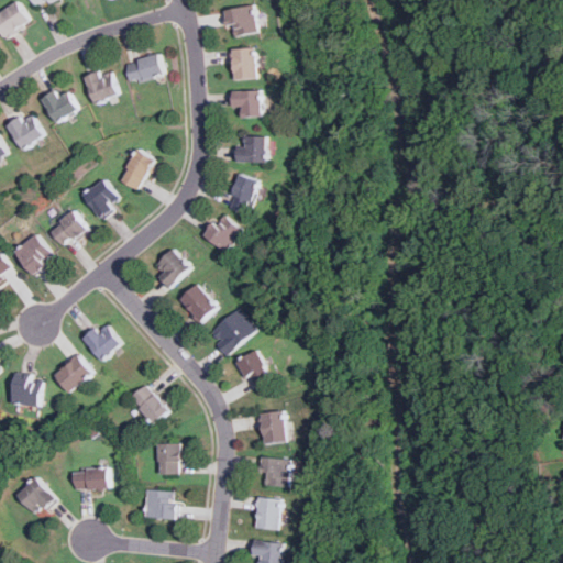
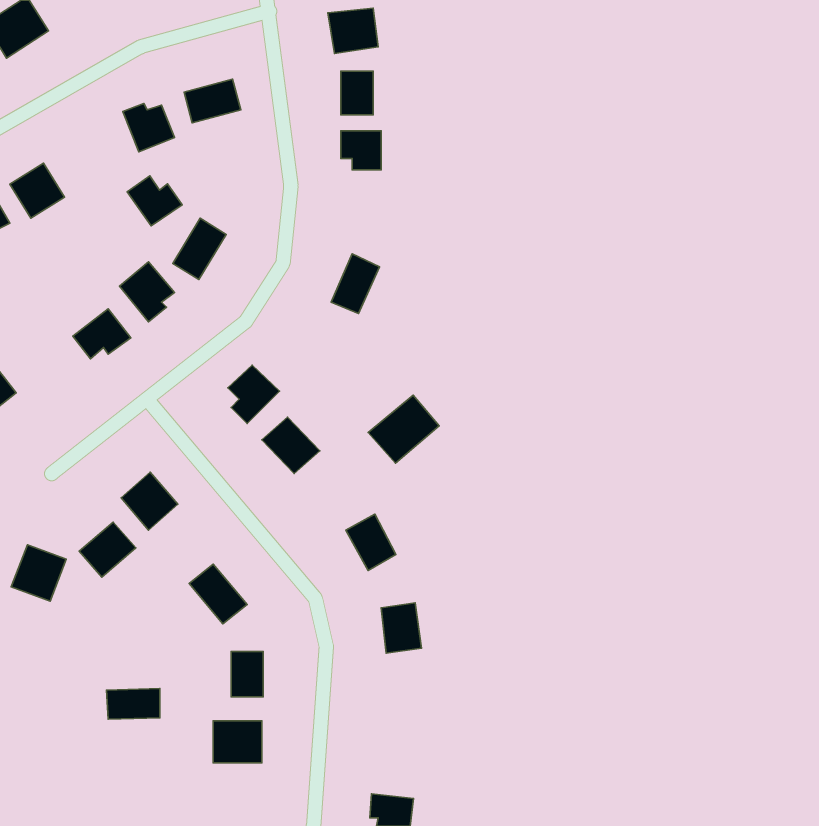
building: [40,88,77,122] -> [127,176,182,226]
building: [236,135,265,162] -> none
building: [202,214,243,252] -> none
building: [13,233,54,274] -> none
building: [208,308,256,354] -> [368,395,439,463]
building: [260,457,289,486] -> none
building: [15,477,56,512] -> none
building: [254,496,280,530] -> none

